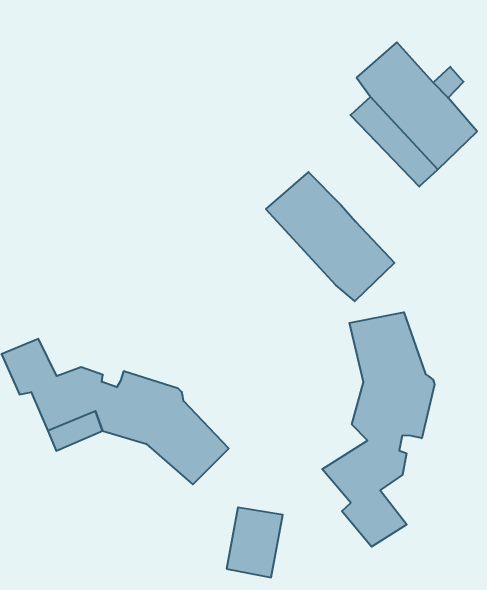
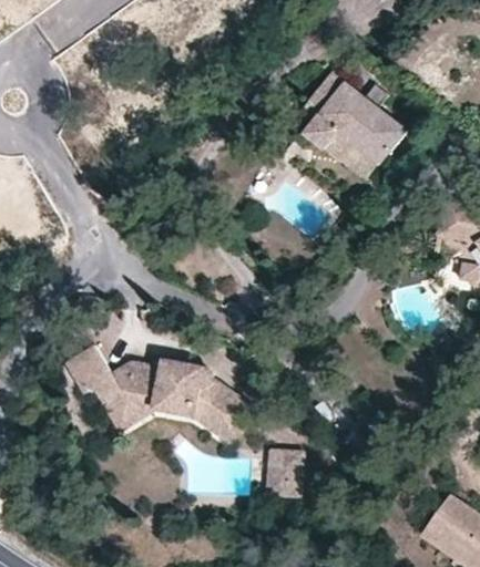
building: [266,172,394,301] -> none
building: [322,312,435,547] -> none

